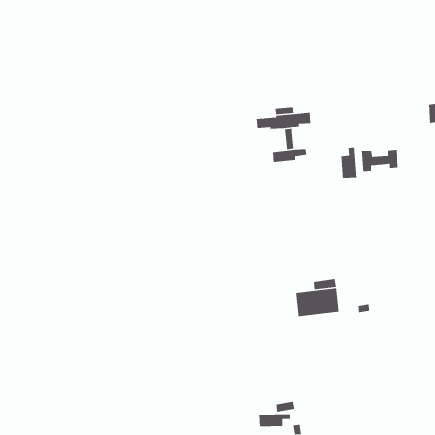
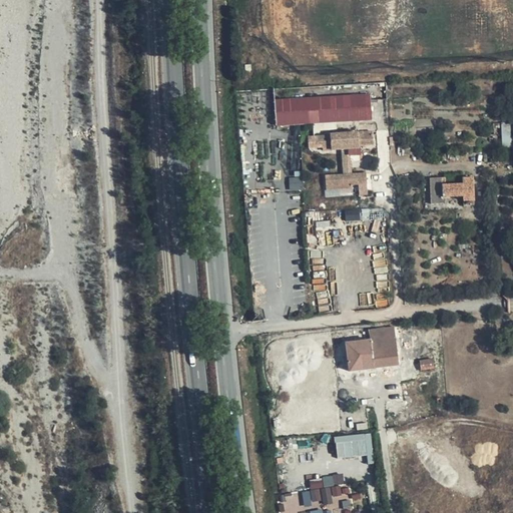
building: none -> [268,94,365,124]
building: [341,147,357,179] -> none
building: none -> [348,431,372,454]

